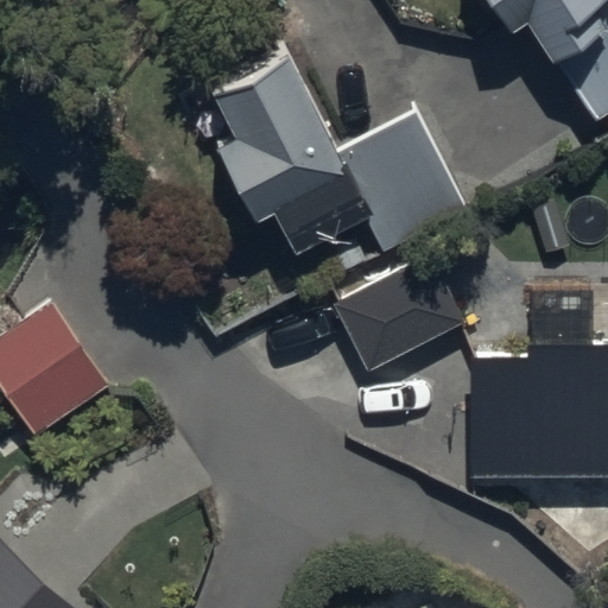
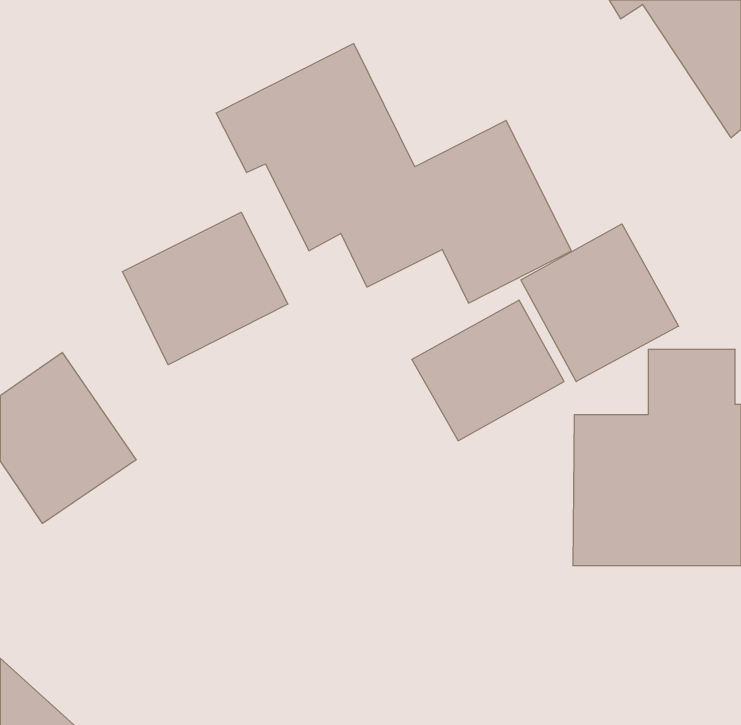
building: none -> [122,212,288,365]
building: none -> [521,224,679,382]

